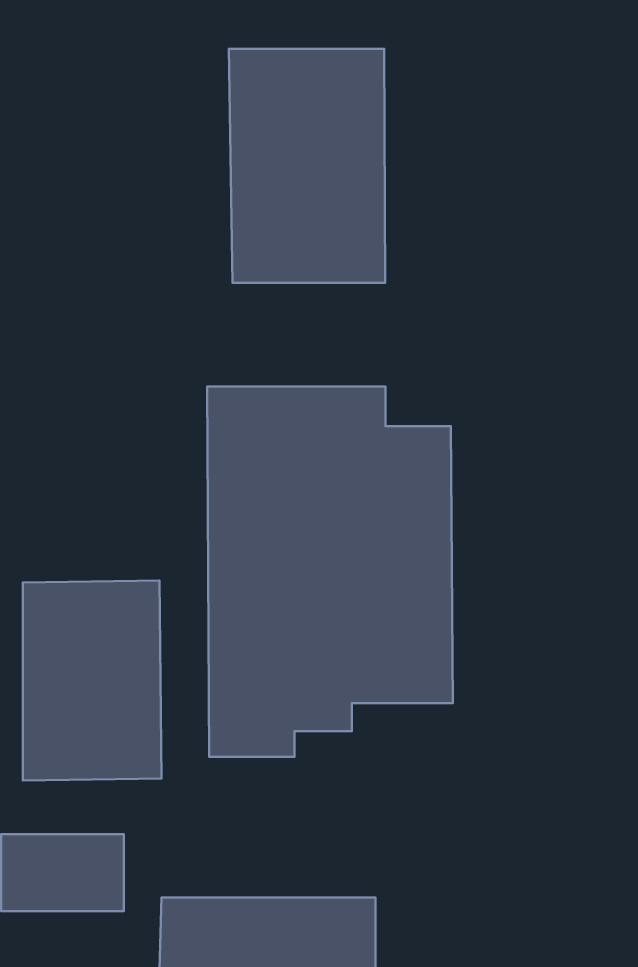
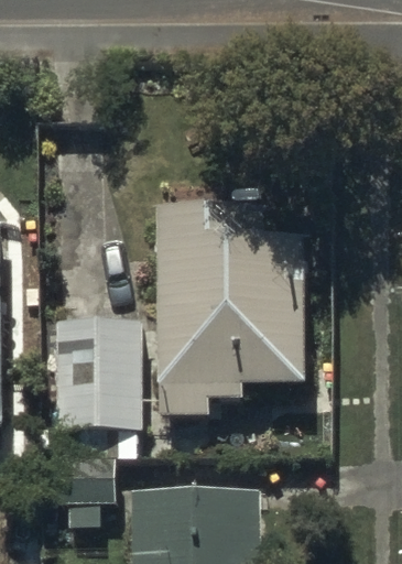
building: [229,49,385,283] -> none

